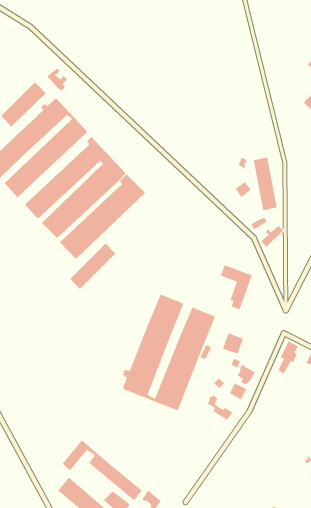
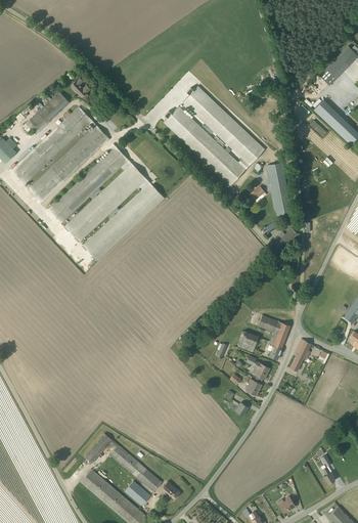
building: none -> [163,86,264,184]
building: [69,243,116,290] -> none
building: [220,264,253,310] -> [258,314,289,358]
building: [122,294,216,412] -> none

